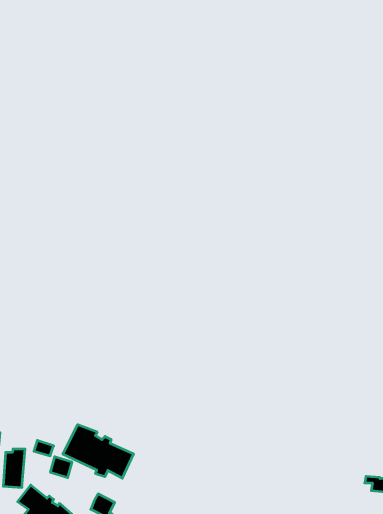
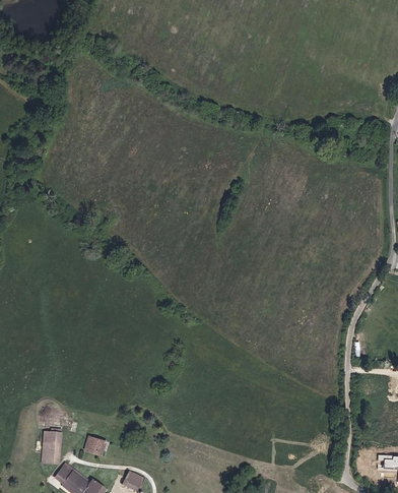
building: [63,425,133,478] -> none

